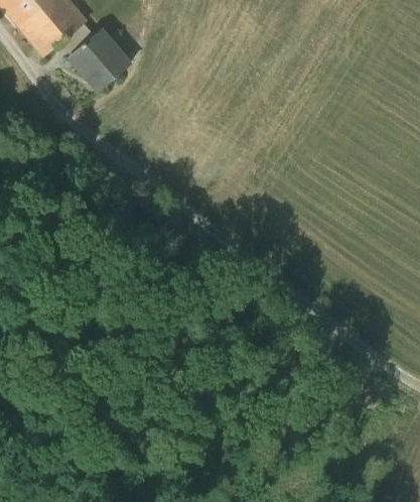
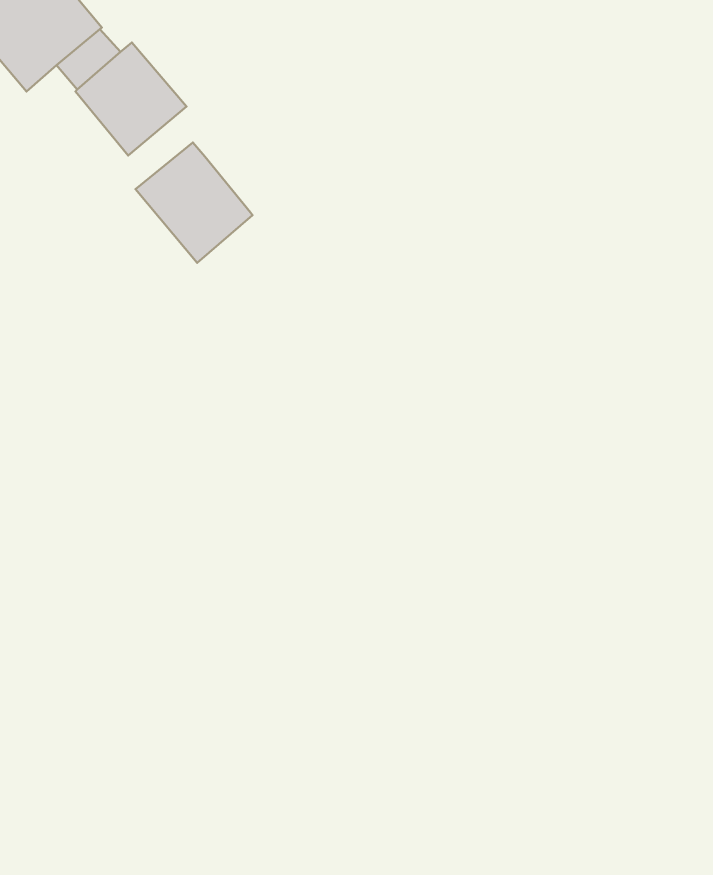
building: none -> [136,142,252,263]

